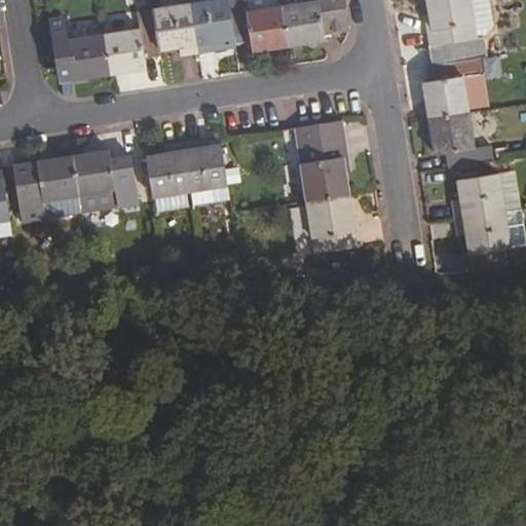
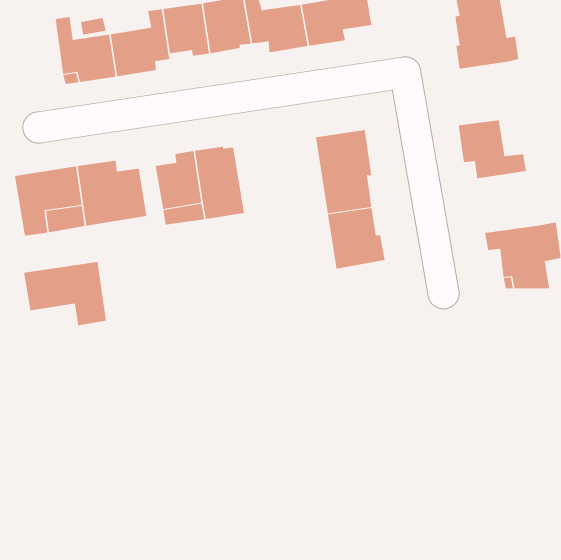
building: [423,58,479,117] -> none
building: [450,172,504,218] -> none
building: none -> [24,261,106,326]

